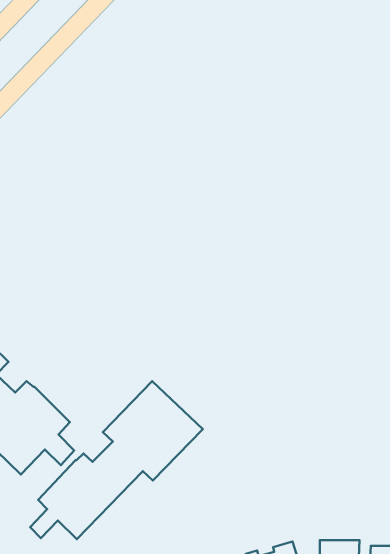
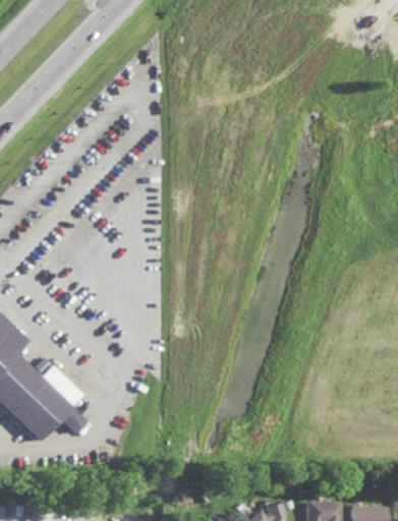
building: [30,381,203,539] -> none

